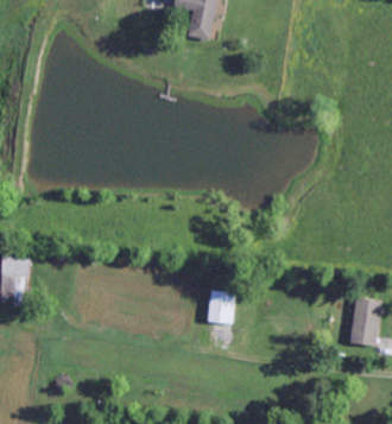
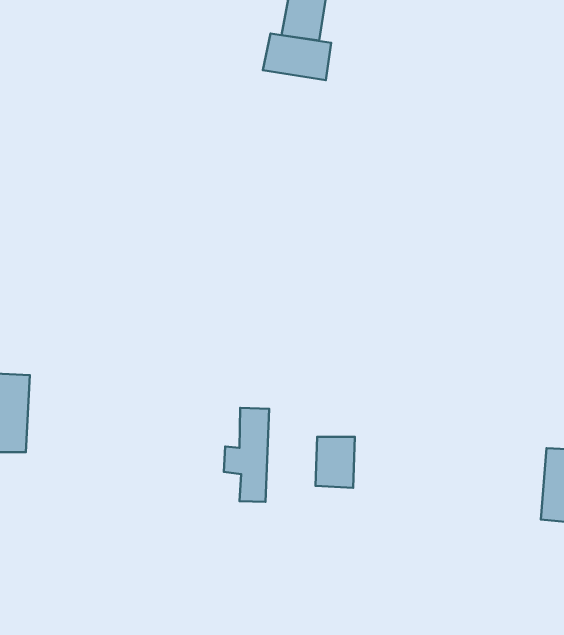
building: none -> [263,33,331,80]
building: none -> [224,408,269,502]

